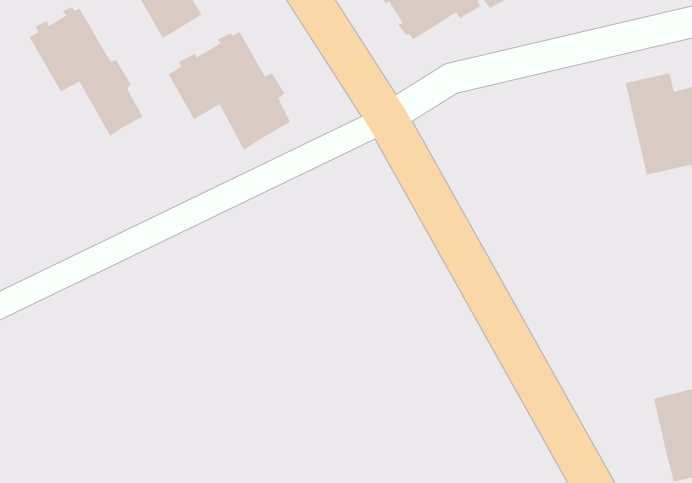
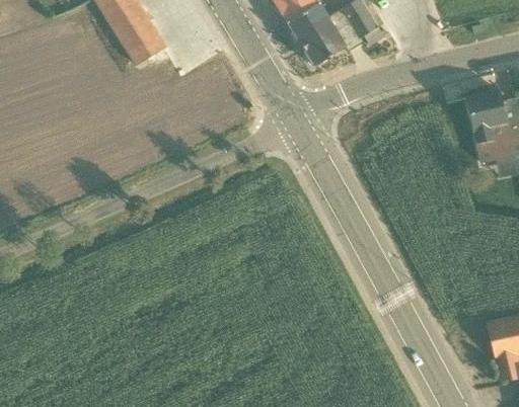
building: [29,7,143,137] -> none
building: [168,32,291,151] -> none

